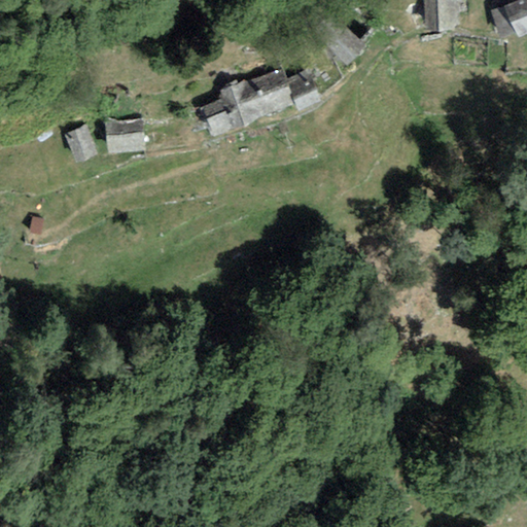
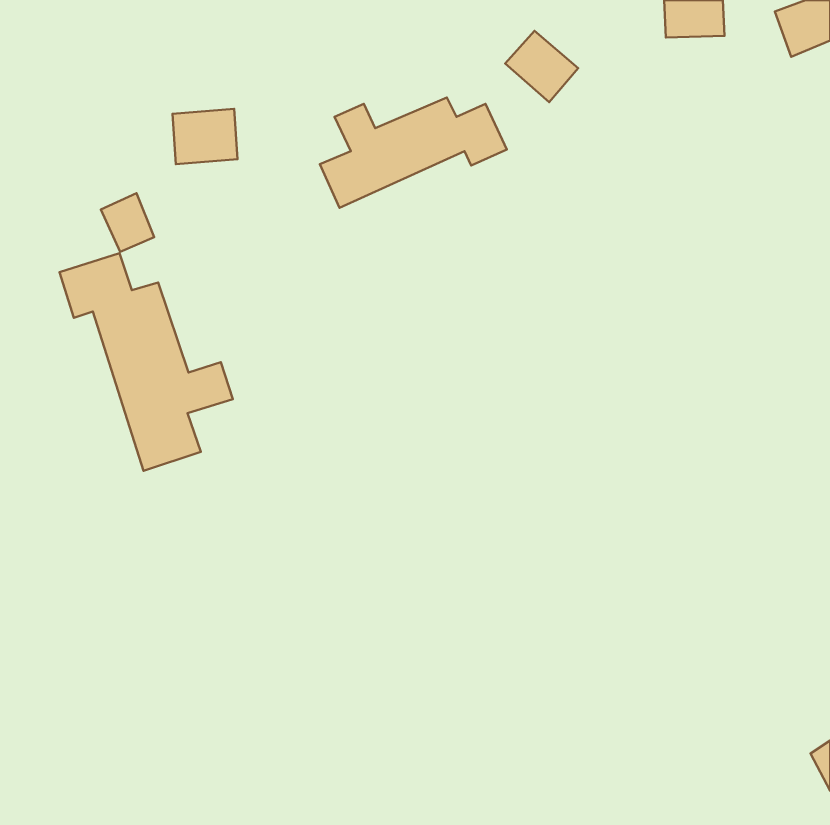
building: [106,118,147,153] -> [172,109,237,164]
building: none -> [59,253,233,471]

